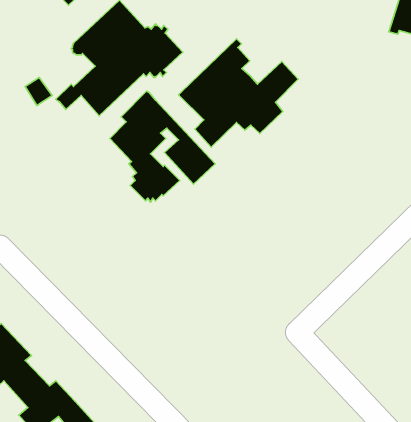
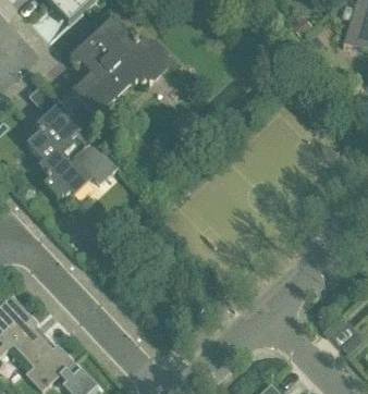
building: [179,39,298,147] -> none
building: [110,91,215,202] -> [27,103,118,198]

